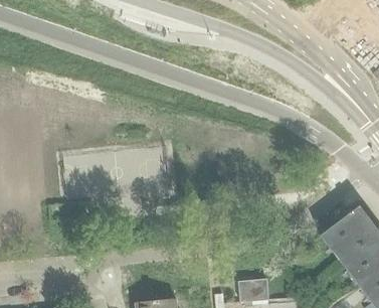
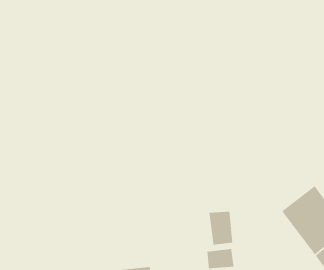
building: none -> [209,211,233,245]

